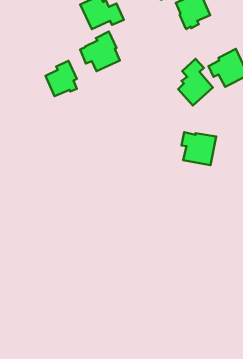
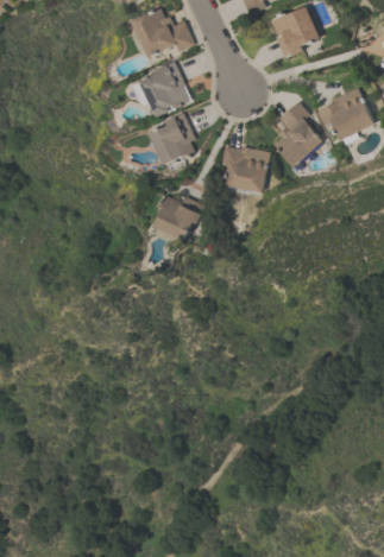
building: [45,61,77,96] -> [150,113,195,164]
building: none -> [156,196,208,242]
building: [182,132,216,165] -> [221,145,271,192]

